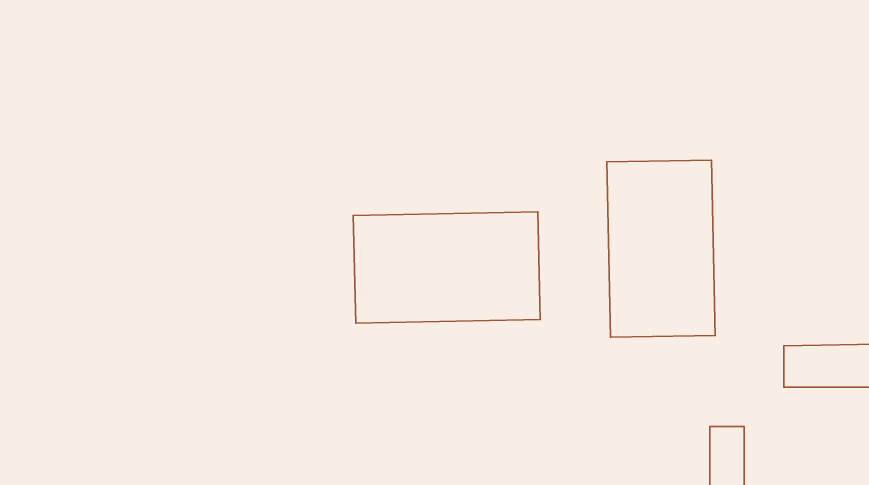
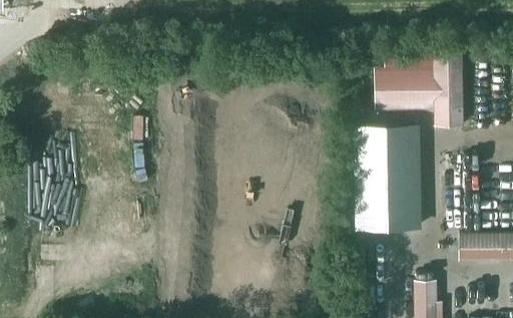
building: none -> [376,52,463,124]
building: [353,212,540,323] -> none

